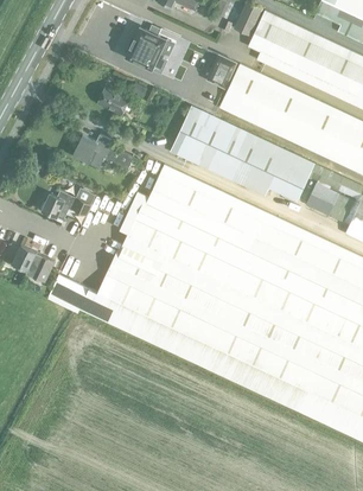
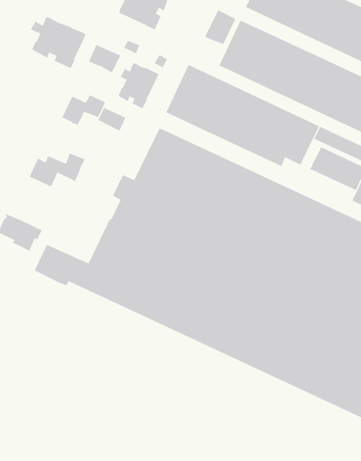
building: none -> [30,17,86,69]
building: none -> [118,63,159,109]

